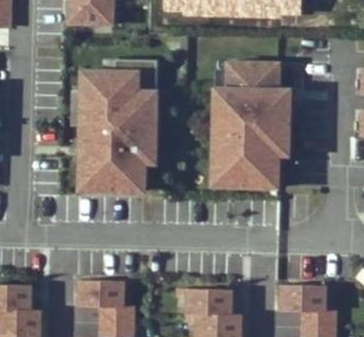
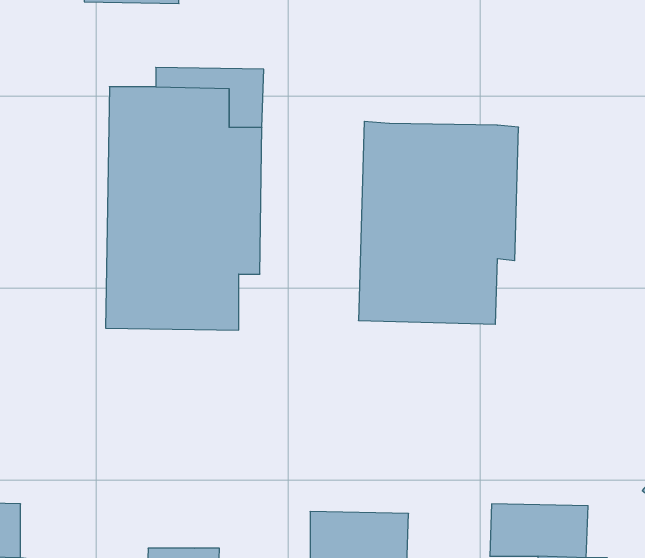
building: [224,61,280,89] -> none
building: [76,282,123,309] -> none

